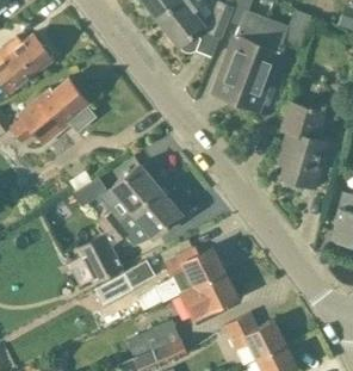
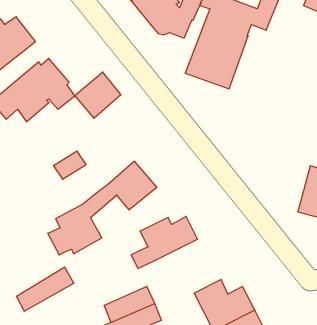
building: [280,104,328,193] -> none
building: [110,163,159,212] -> [75,72,121,118]
building: [94,259,155,305] -> [16,267,74,311]
building: [180,270,239,320] -> none

